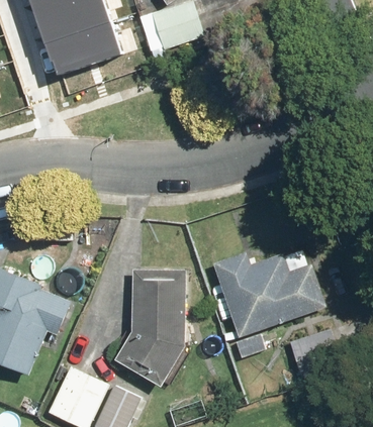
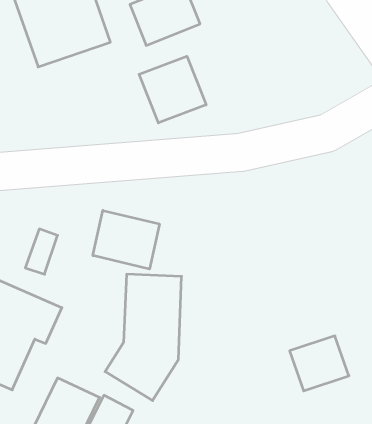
building: none -> [139,56,206,123]
building: none -> [93,210,159,269]
building: [212,232,325,359] -> none

